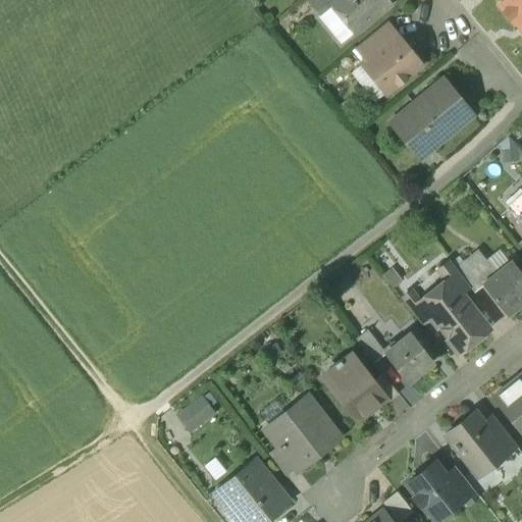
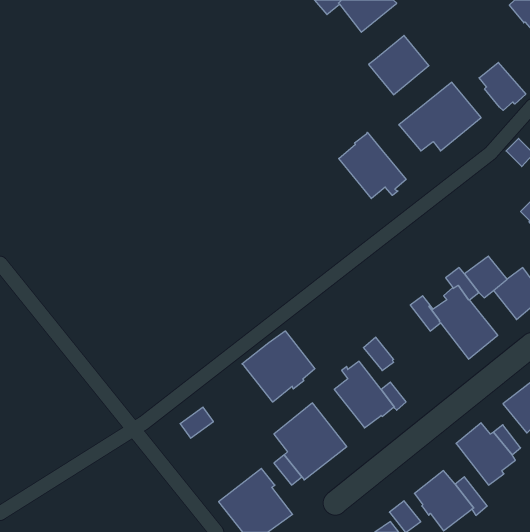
building: [358,23,396,59] -> none
building: none -> [479,62,526,110]
building: none -> [339,132,406,199]
building: none -> [242,331,315,402]
building: [386,333,433,381] -> none

